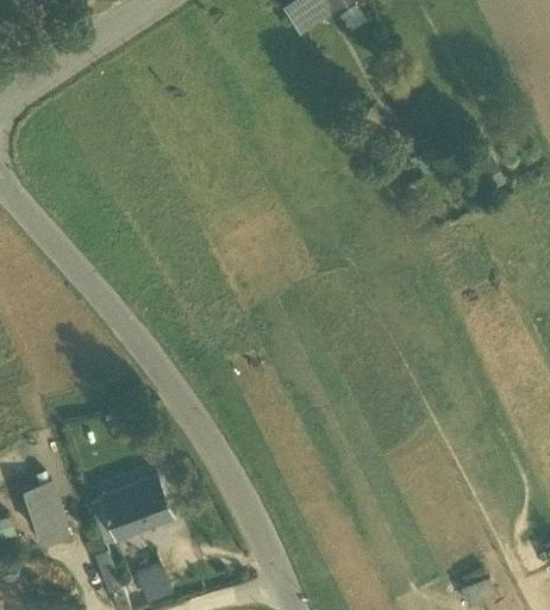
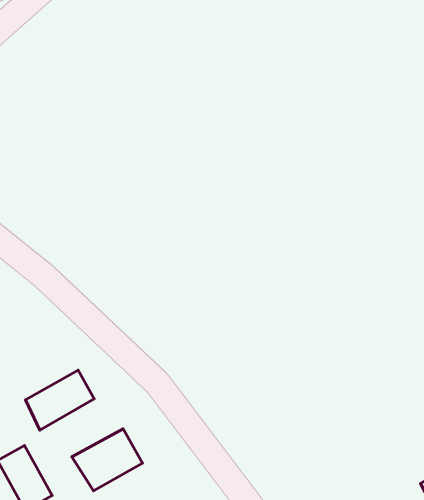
building: none -> [25,370,94,430]

